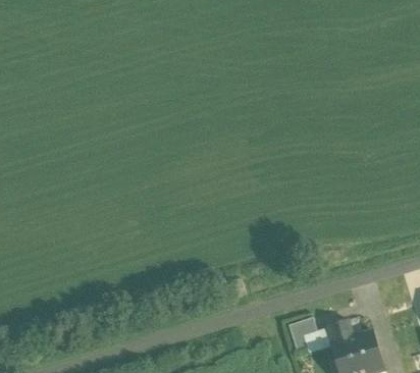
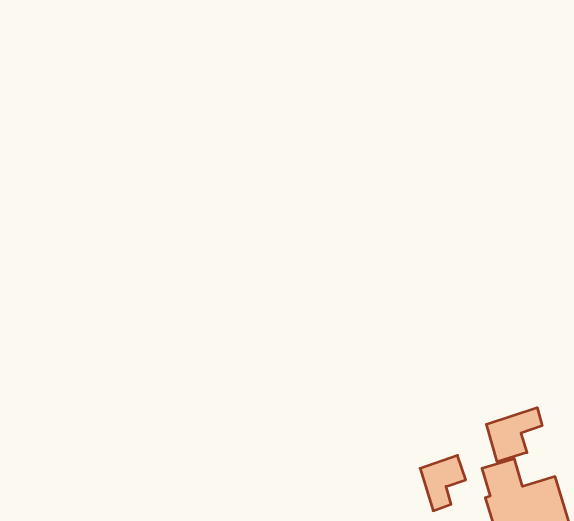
building: none -> [486,408,542,462]

